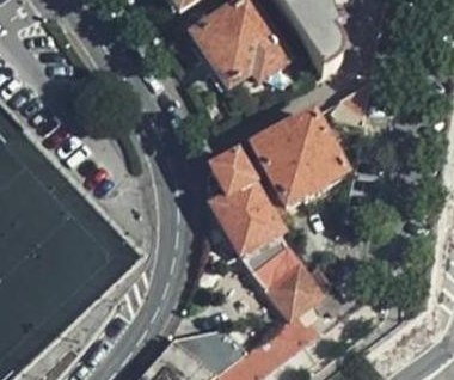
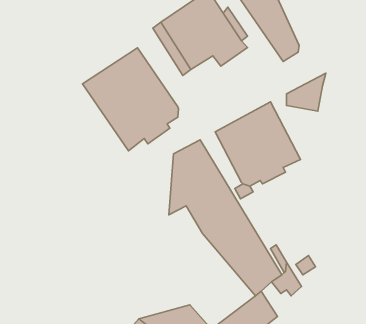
building: none -> [83,48,178,151]

